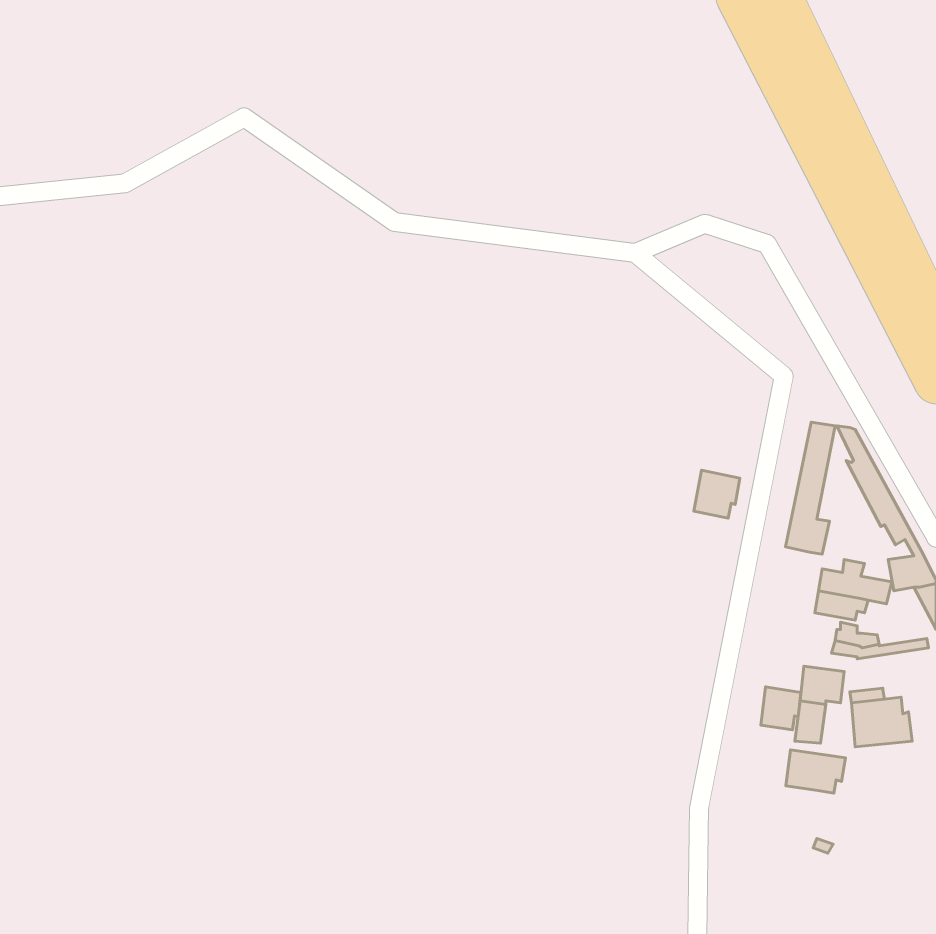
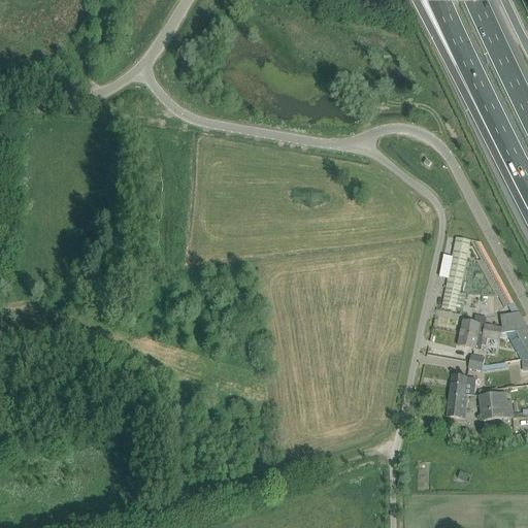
building: [694,470,740,518] -> none
building: [761,687,801,730] -> none
building: [786,750,846,793] -> none

